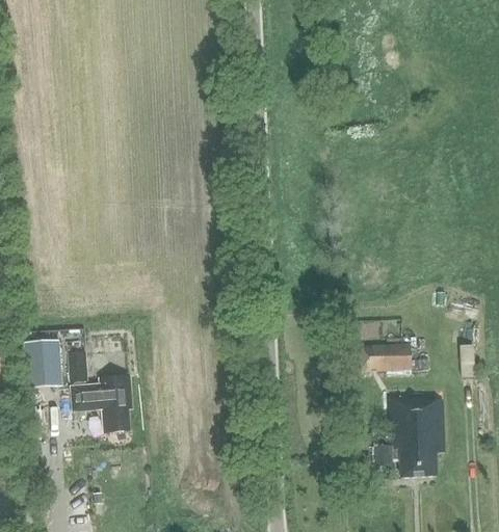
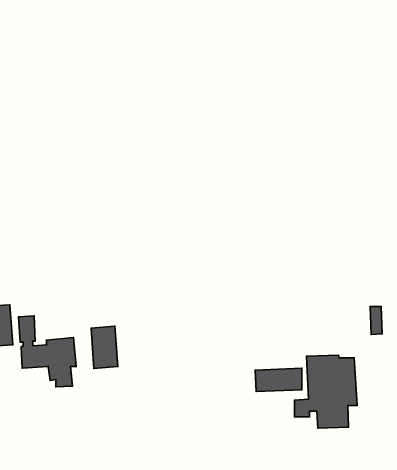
building: [361,344,413,370] -> [255,368,302,392]
building: none -> [91,326,118,369]

